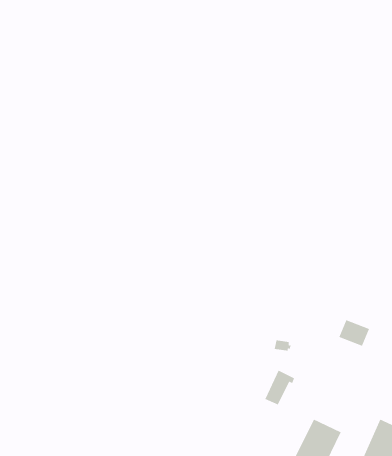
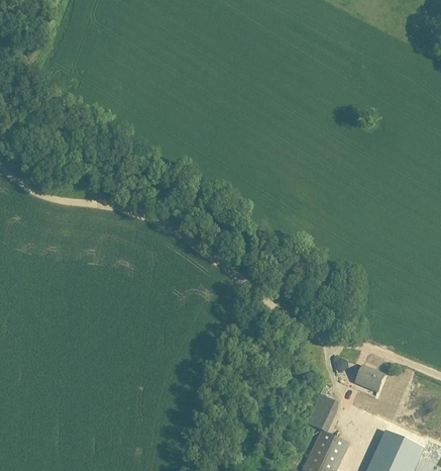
building: [339,320,370,347] -> [354,365,384,391]
building: [265,370,295,405] -> [310,395,339,430]

